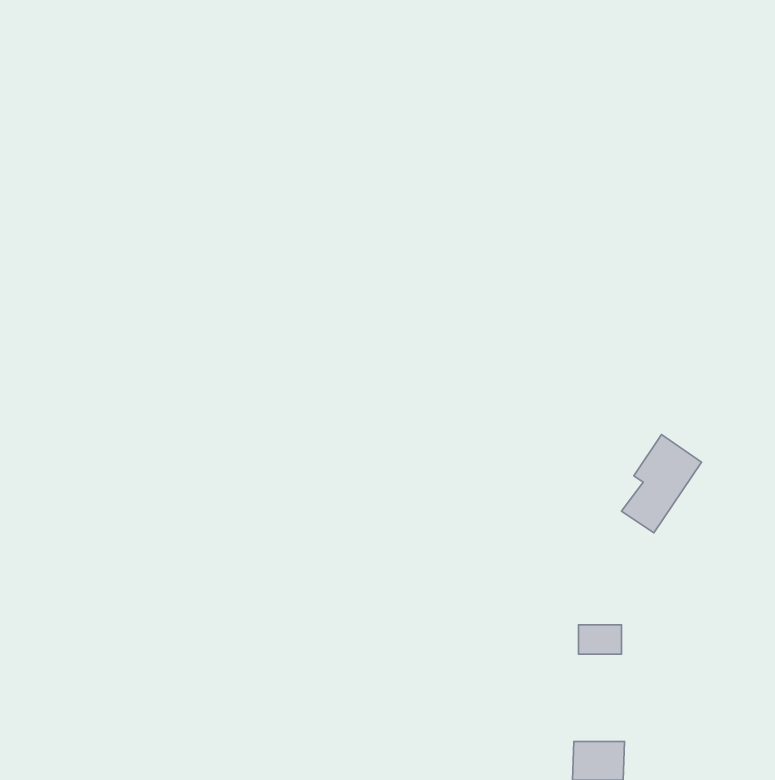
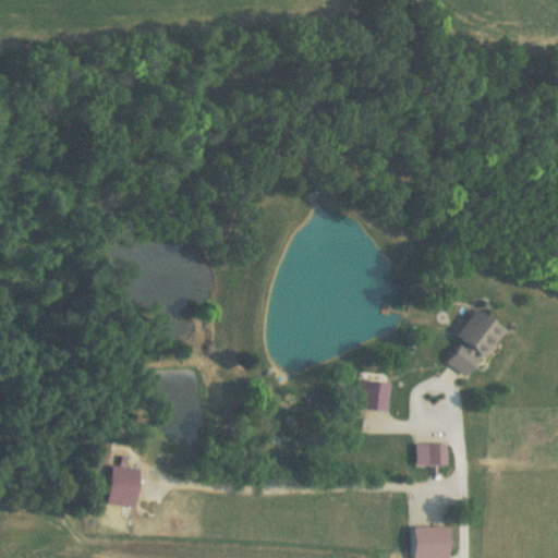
building: none -> [360,380,391,411]
building: none -> [108,454,141,507]

